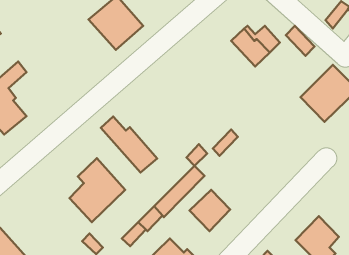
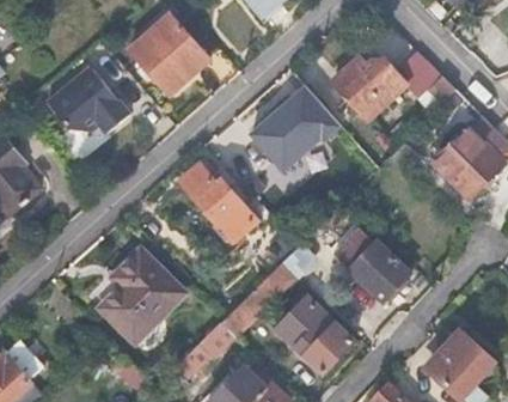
building: none -> [48,62,131,153]
building: none -> [249,84,339,172]
building: [101,116,157,173] -> [180,164,262,245]
building: none -> [349,240,410,300]
building: none -> [304,323,353,373]

